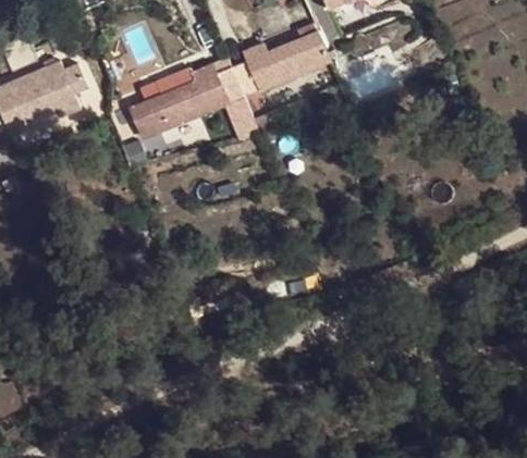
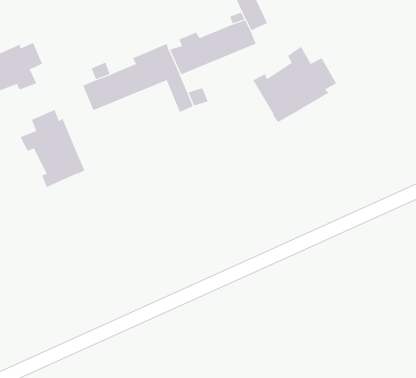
building: none -> [252,46,337,123]
building: none -> [20,109,85,188]

